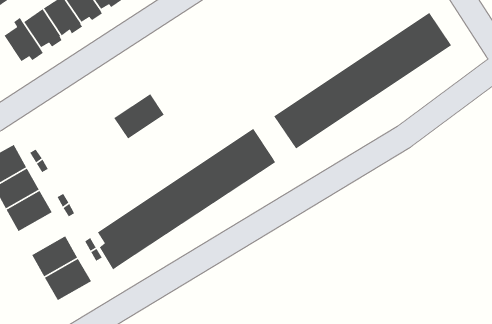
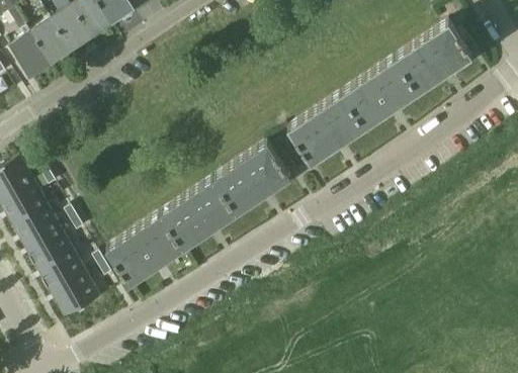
building: [113,93,165,139] -> none
building: none -> [27,227,76,271]

